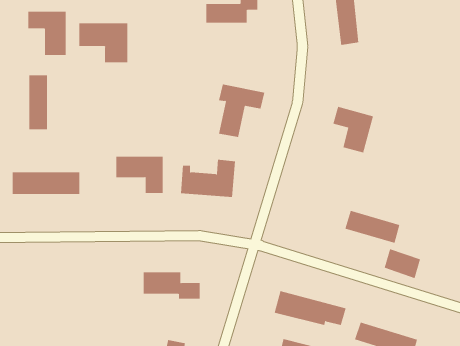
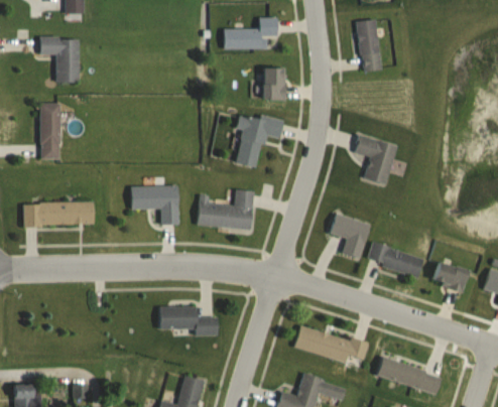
building: [79,23,128,63] -> none
building: none -> [263,67,285,99]
building: none -> [329,213,371,258]
building: [384,248,421,279] -> [431,260,470,291]

